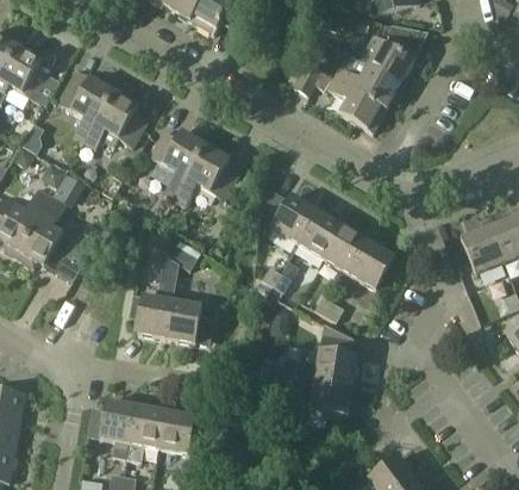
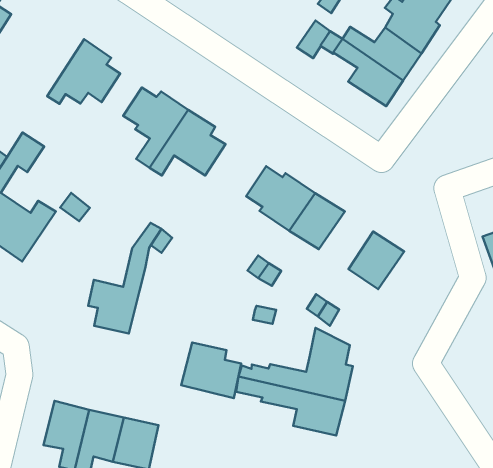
building: [56,68,113,139] -> none
building: [323,223,368,272] -> none
building: [165,300,215,346] -> [181,342,241,398]

